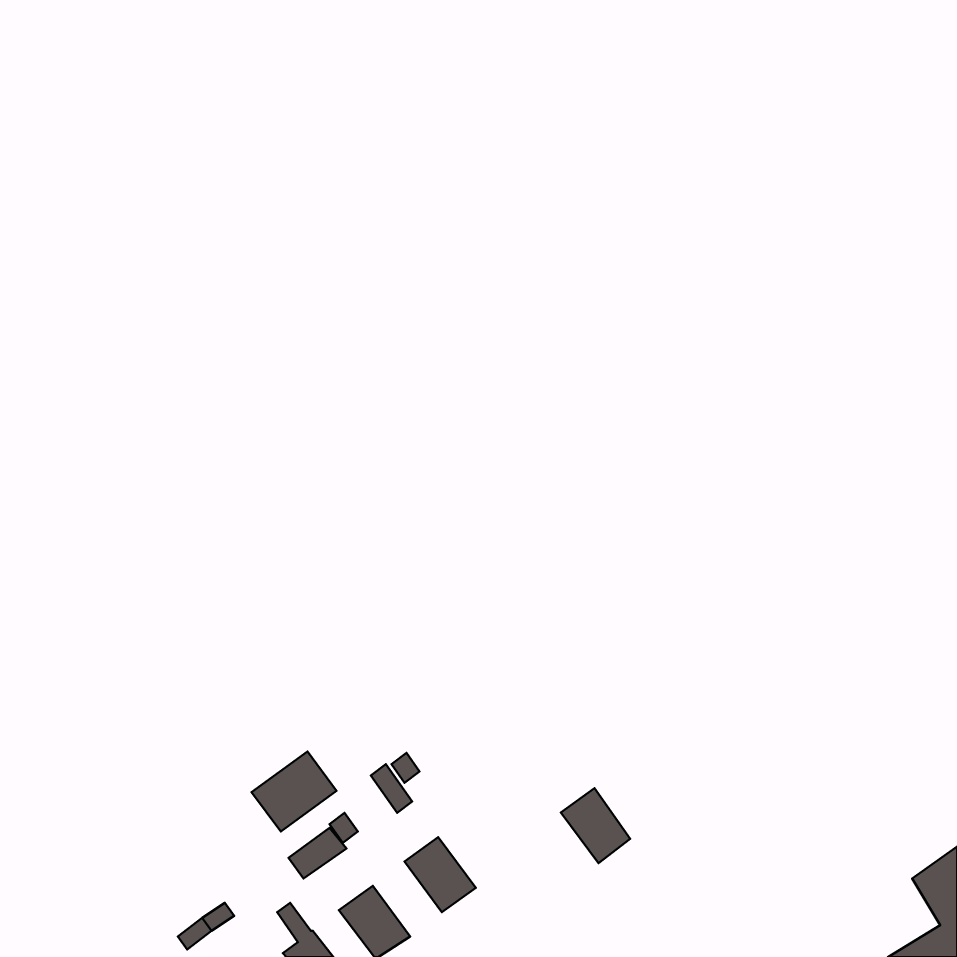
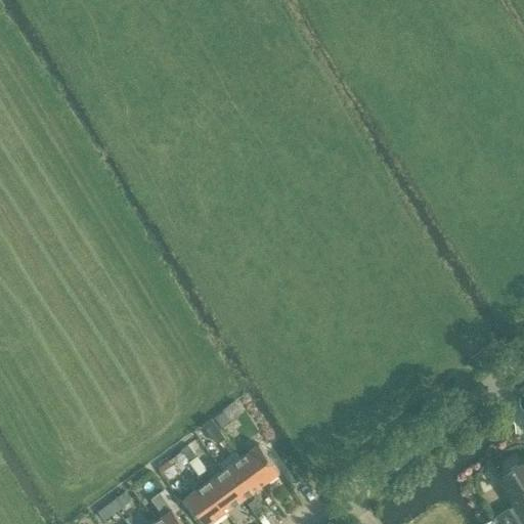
building: [252,752,337,831] -> none
building: [561,788,630,863] -> [239,444,277,485]
building: none -> [204,471,242,512]

